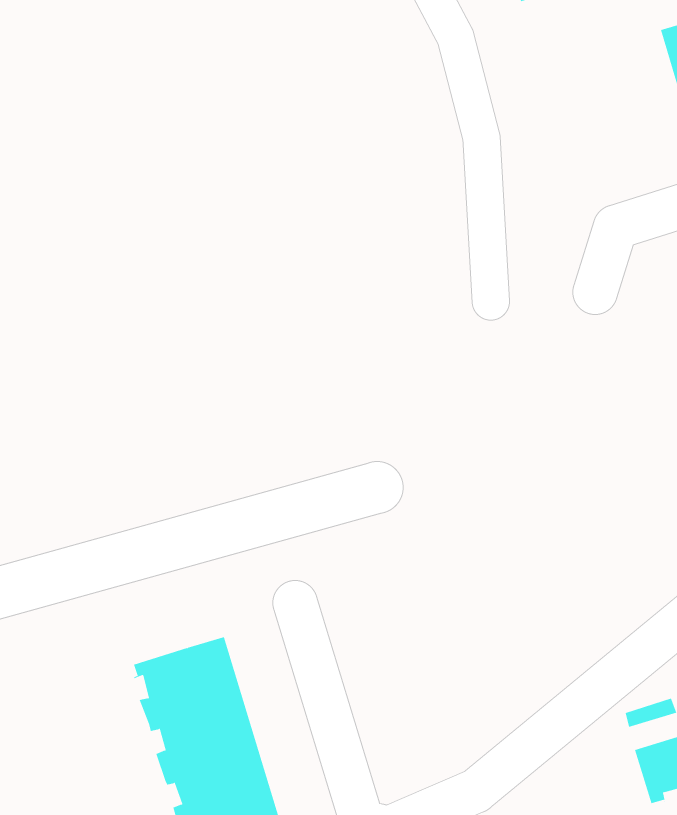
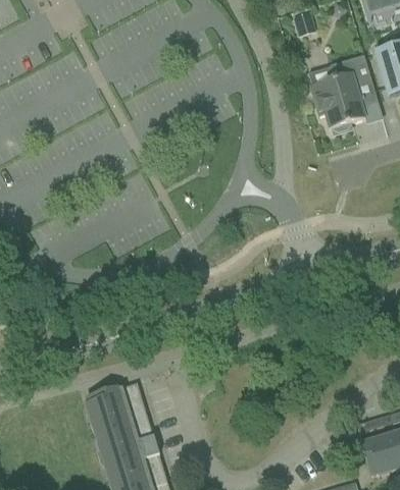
building: none -> [308,54,380,132]

